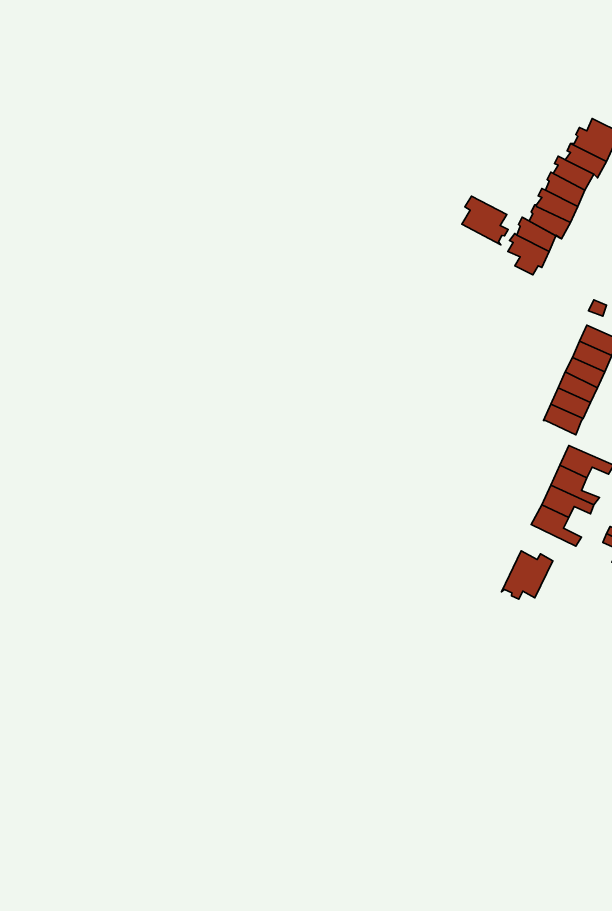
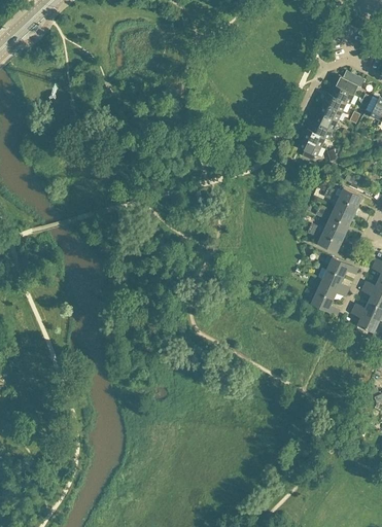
building: [462,196,508,245] -> none
building: [501,551,553,599] -> none

